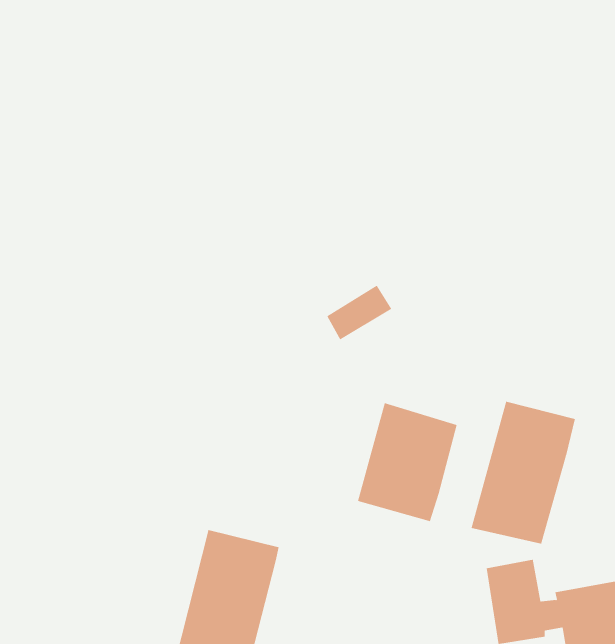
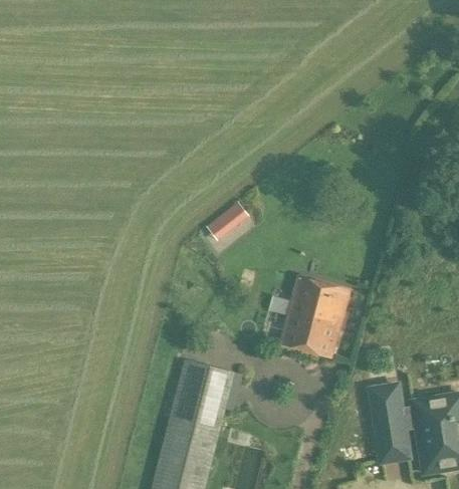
building: [326,285,392,340] -> [207,203,251,240]
building: [471,401,576,544] -> none

